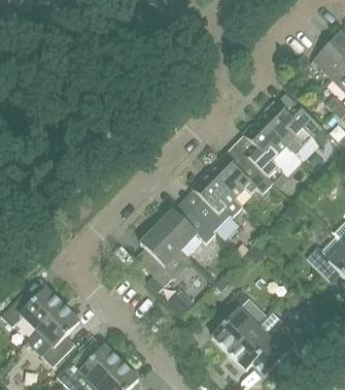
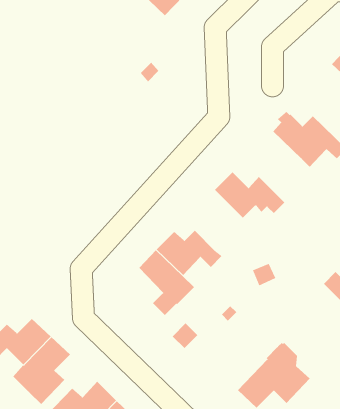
building: [242,120,294,184] -> none
building: [191,172,242,231] -> none
building: [211,289,265,353] -> none

